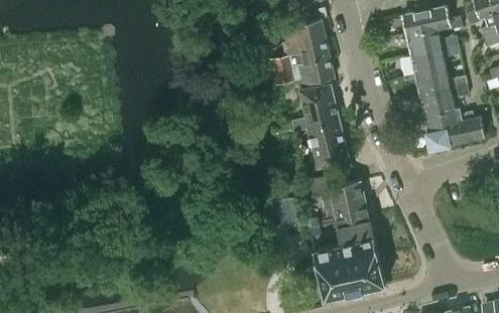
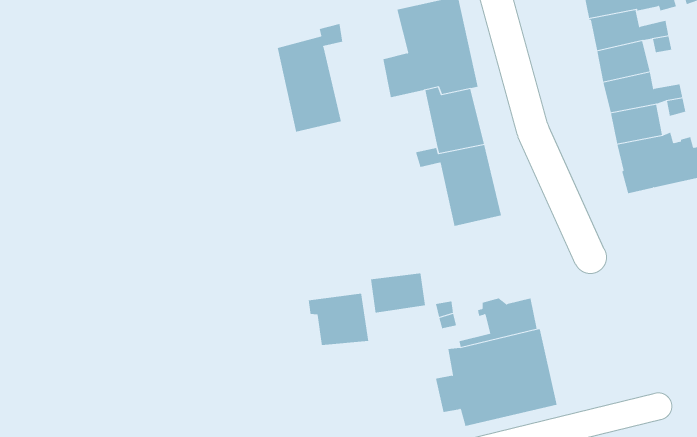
building: none -> [277,23,343,133]
building: [310,176,369,219] -> none
building: none -> [308,293,369,346]

